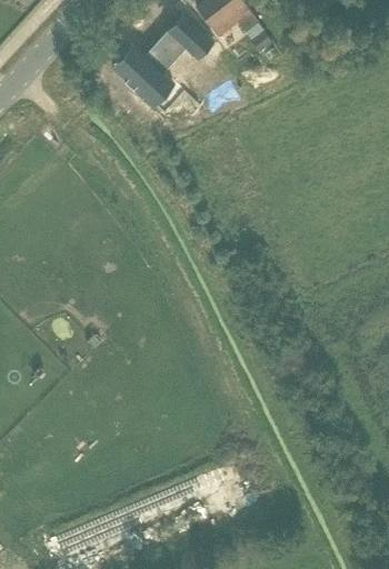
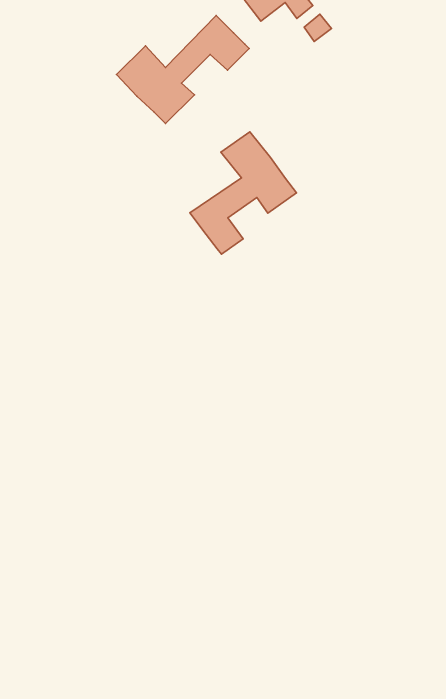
building: none -> [190,132,297,254]

